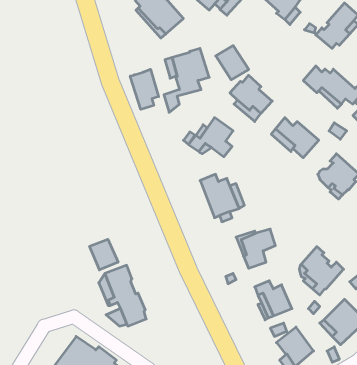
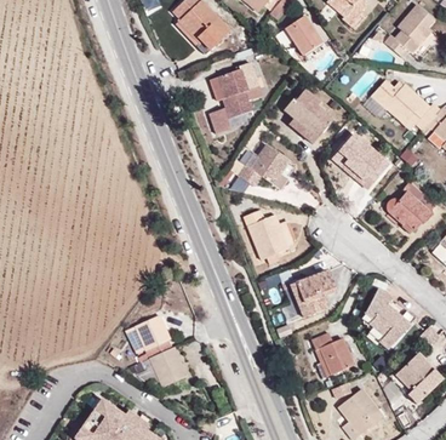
building: [216,46,249,80] -> [282,16,321,56]
building: [130,69,159,109] -> none
building: [90,239,118,270] -> none

